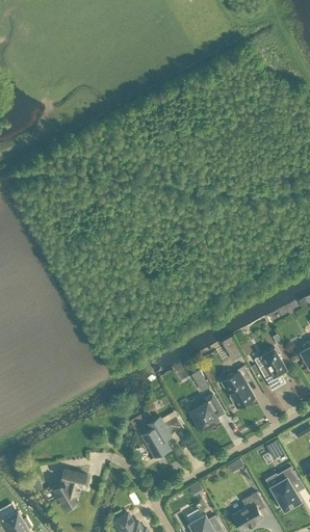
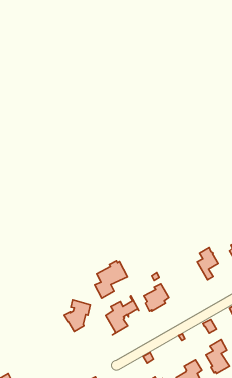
building: none -> [95,261,127,298]
building: [226,366,254,408] -> none
building: [51,469,85,509] -> [64,300,91,331]

